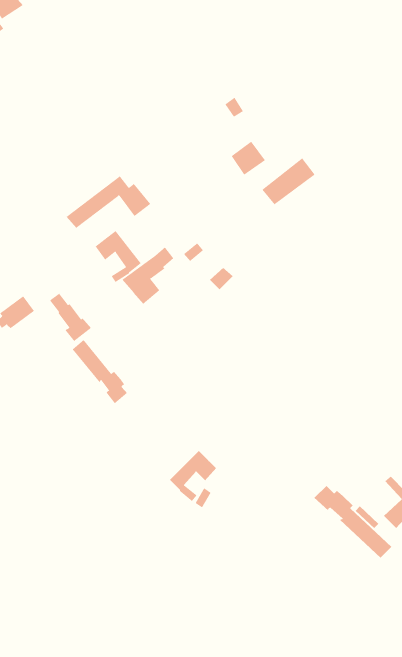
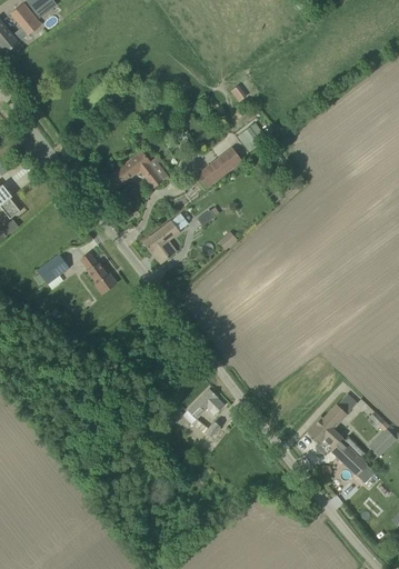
building: [261,158,315,205] -> [194,147,241,188]
building: [95,230,142,283] -> none
building: [72,339,128,404] -> none
building: none -> [318,395,355,428]

